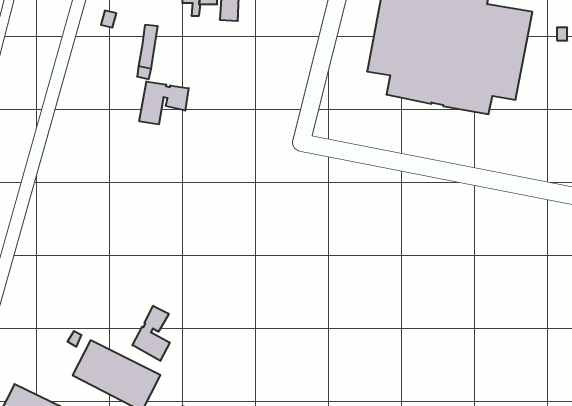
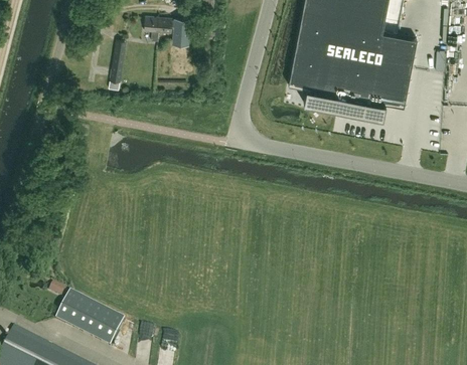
building: [139,81,189,124] -> none
building: [132,306,170,361] -> none

